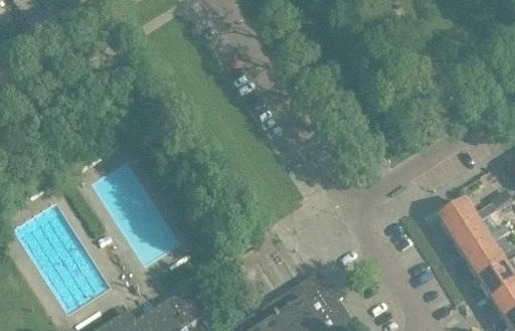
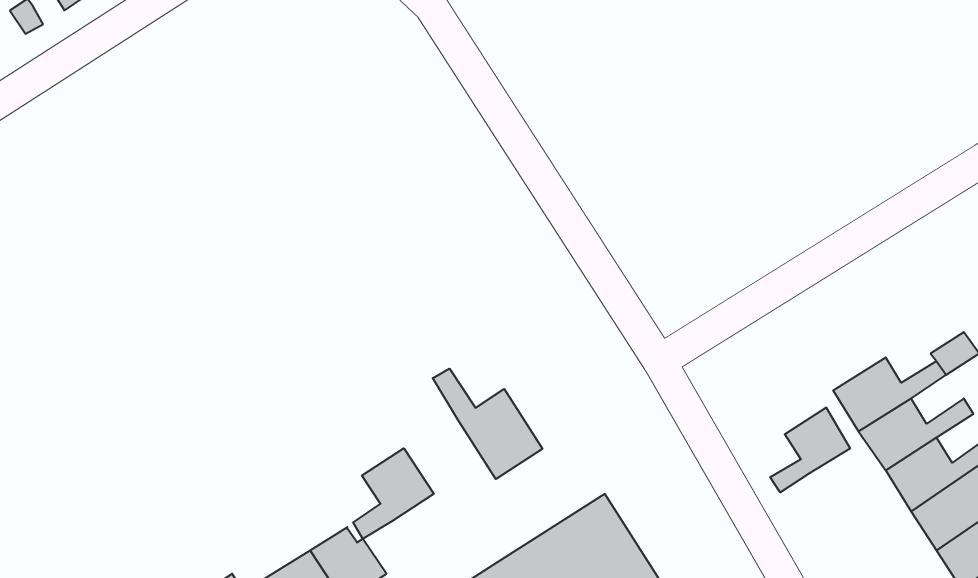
building: none -> [433,369,542,479]
building: none -> [770,407,850,492]
building: none -> [353,448,434,539]

